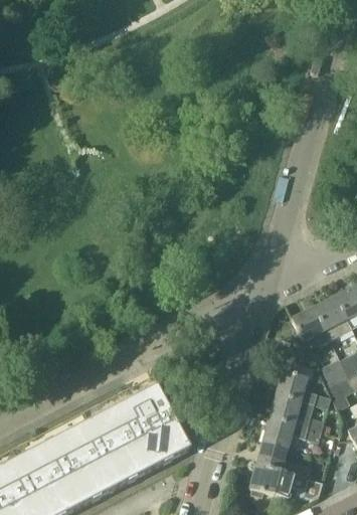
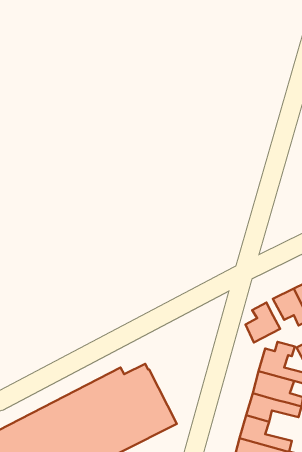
building: none -> [245,303,280,343]

